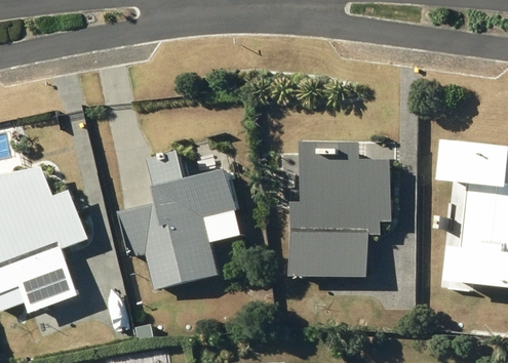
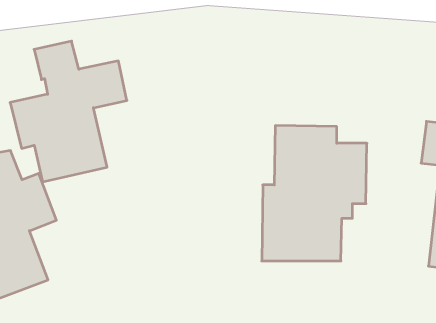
building: [123,152,238,290] -> [10,41,127,182]

